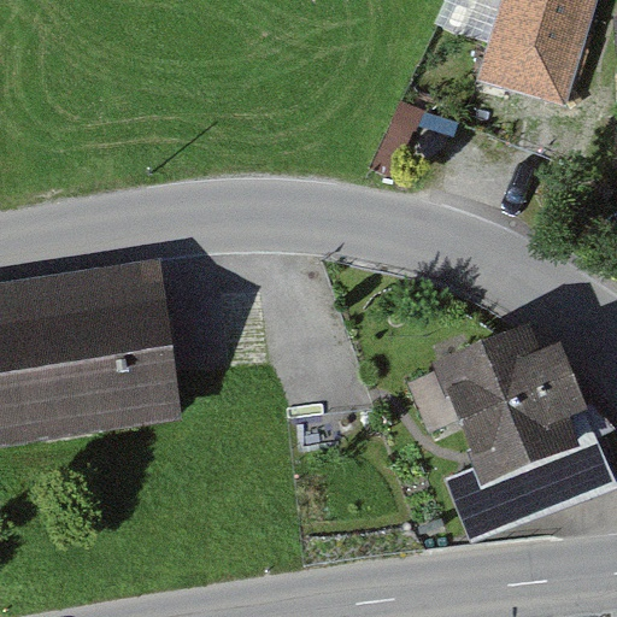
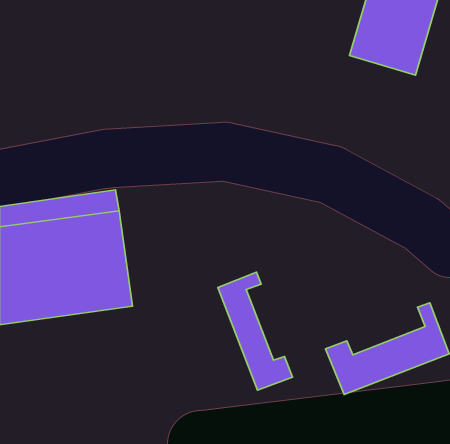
building: [435,328,587,484] -> none
building: none -> [218,272,293,390]

